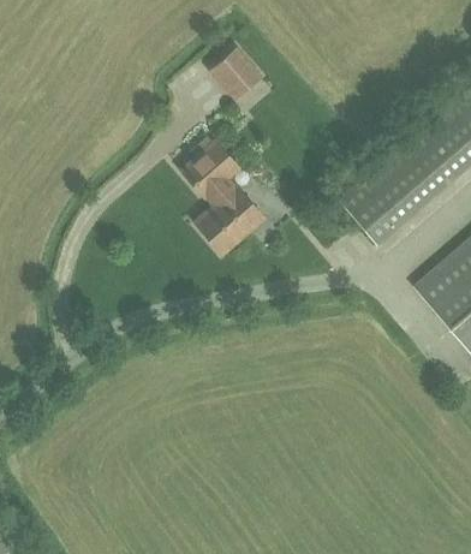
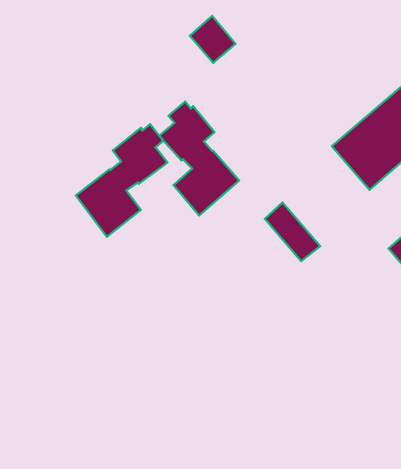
building: none -> [76,124,168,237]
building: [340,184,397,244] -> [265,203,320,261]

